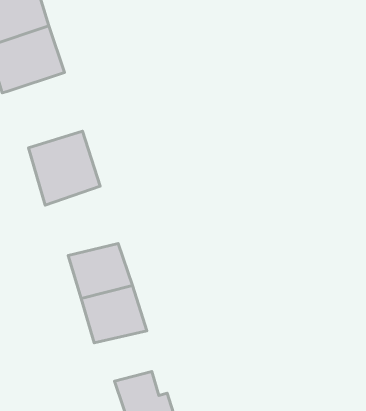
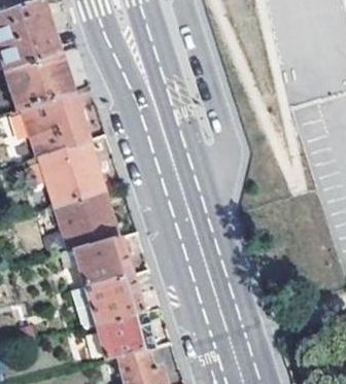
building: none -> [23,92,88,158]
building: none -> [56,189,118,250]
building: none -> [98,314,151,359]

